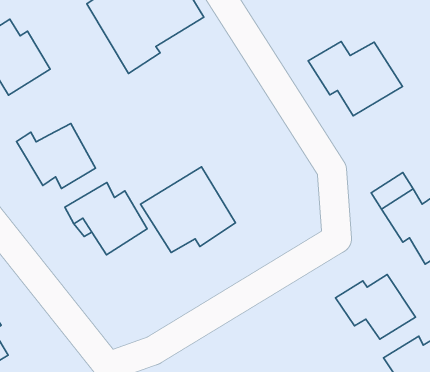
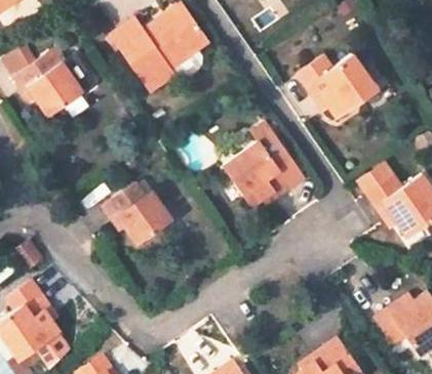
building: [17,123,96,188] -> none
building: [141,167,235,252] -> [223,132,303,205]
building: [336,275,415,339] -> none

